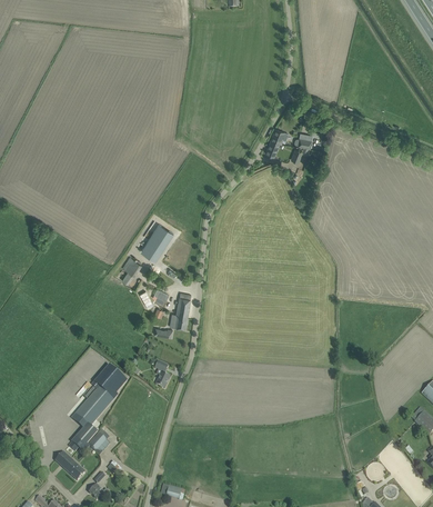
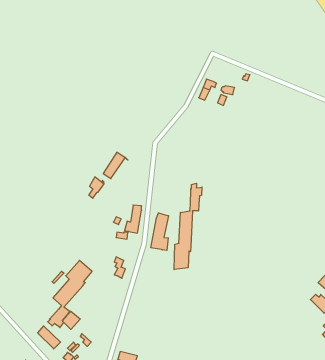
building: none -> [174,183,202,270]
building: none -> [151,213,169,250]

